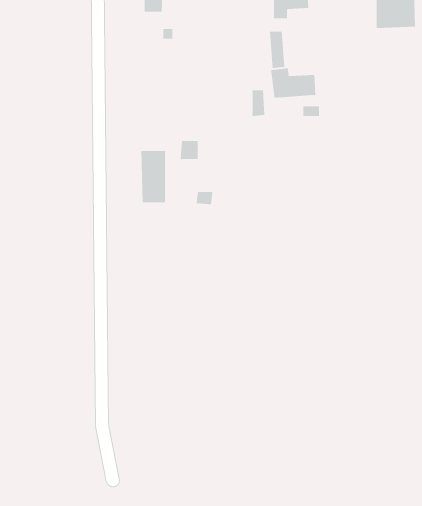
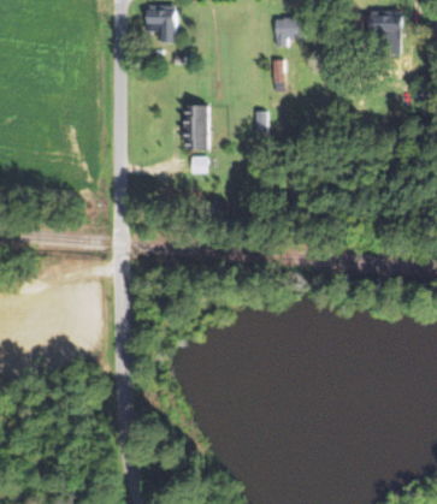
building: [271,68,316,99] -> none
building: [140,151,166,203] -> [185,105,208,152]

